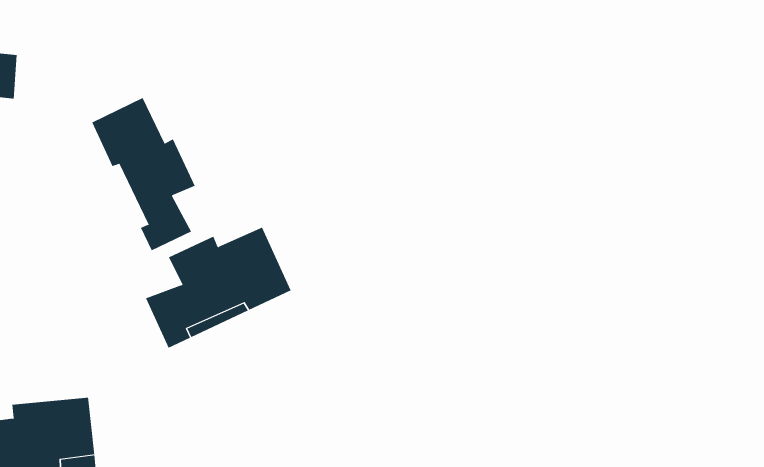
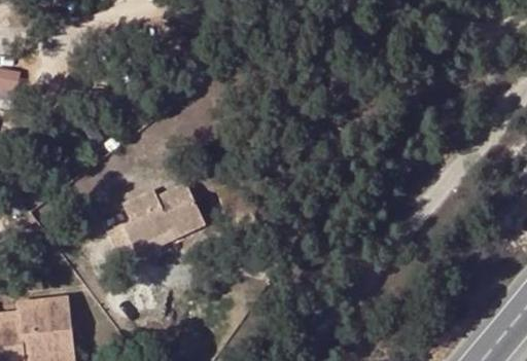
building: [91,97,196,251] -> none

